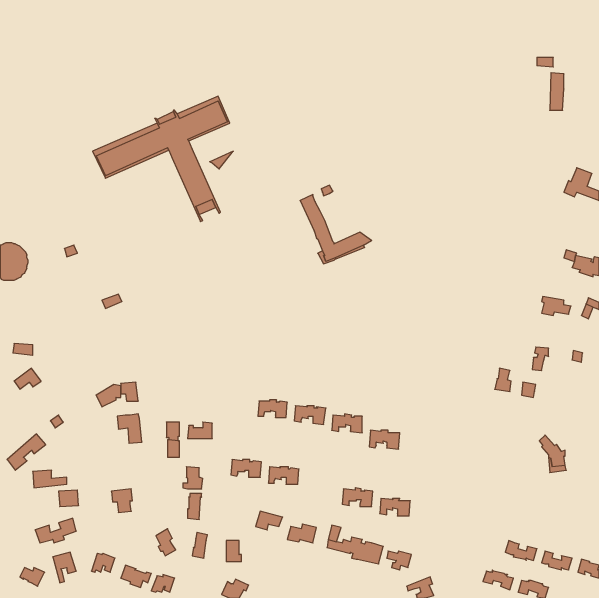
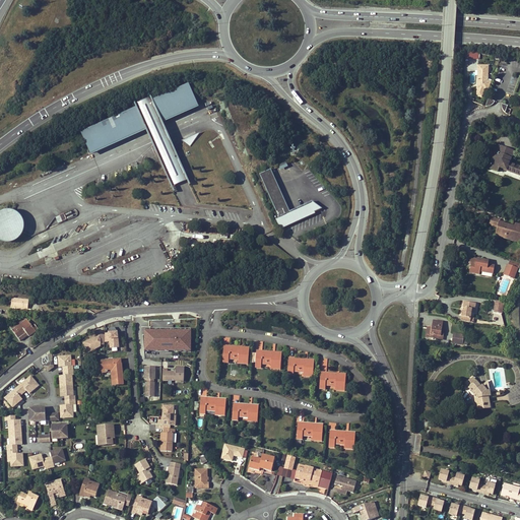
building: none -> [144,330,192,351]
building: none -> [57,355,75,418]
building: none -> [5,415,23,466]

